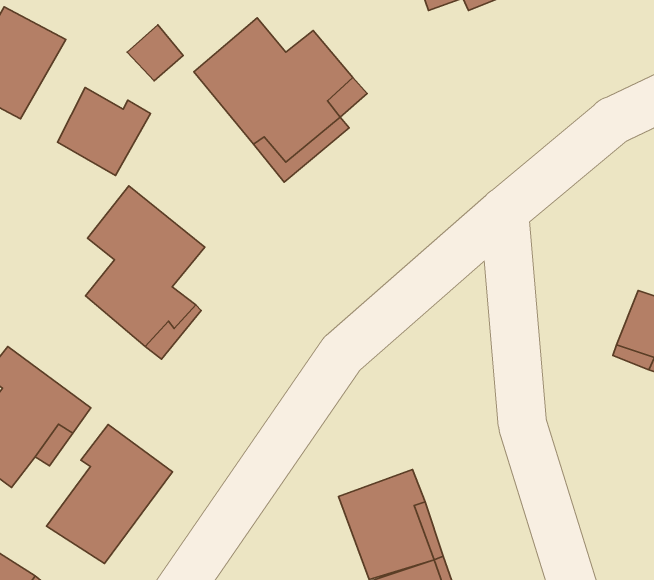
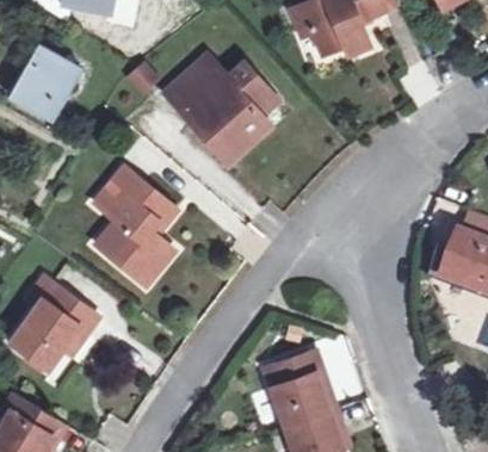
building: [57,88,151,176] -> none
building: [46,424,172,563] -> none

